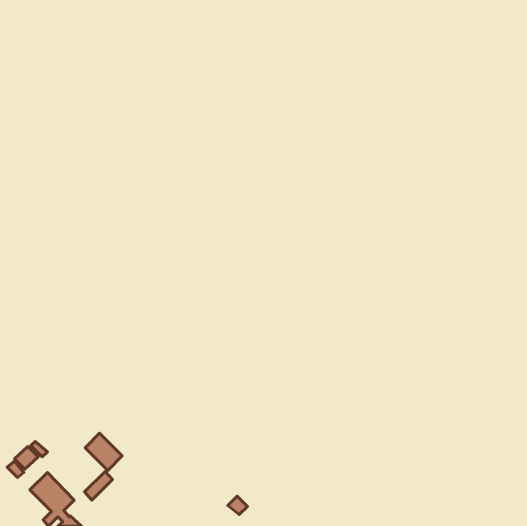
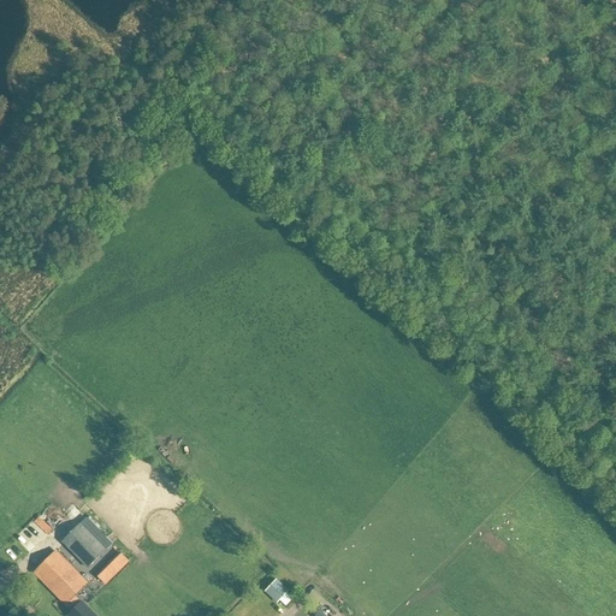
building: [85,433,122,470] -> [63,523,106,567]

